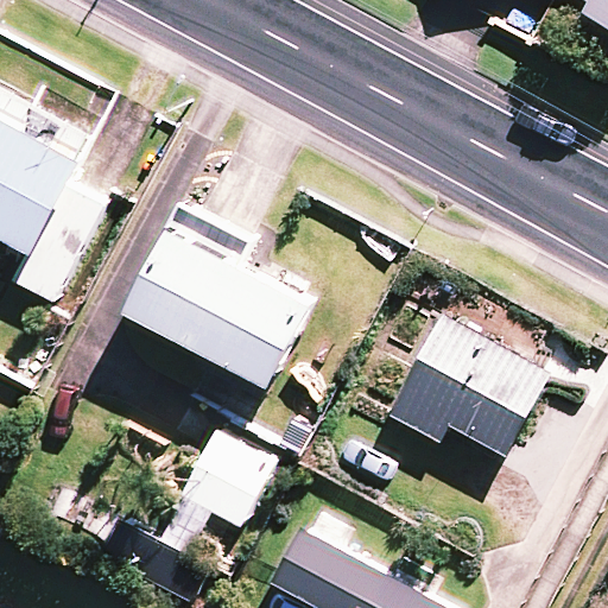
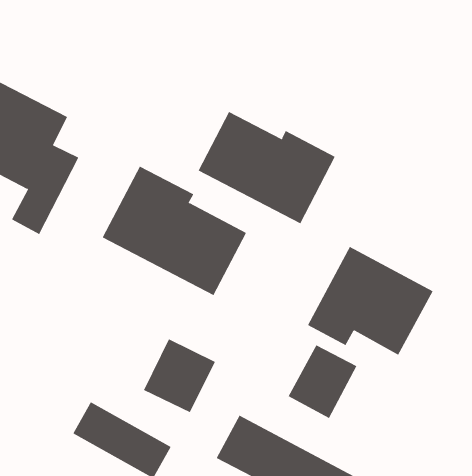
building: none -> [198,111,336,224]
building: none -> [288,344,357,419]

